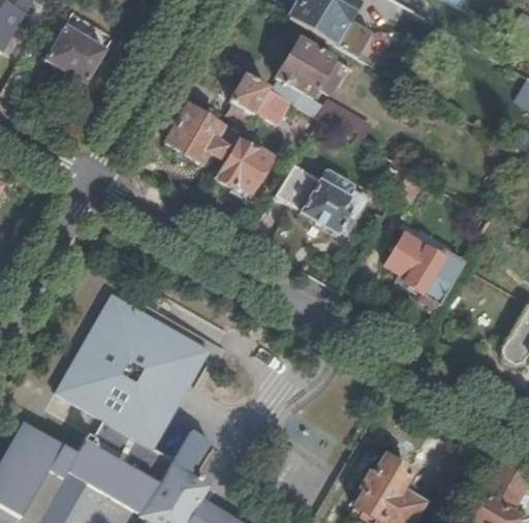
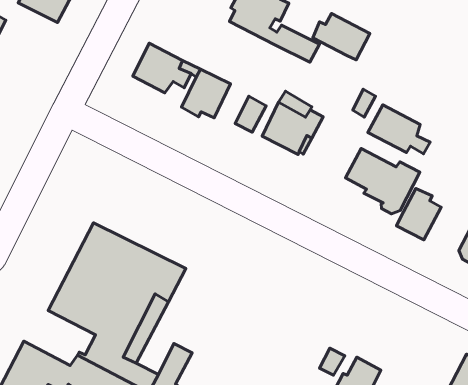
building: [227,75,268,116] -> none
building: none -> [313,13,370,60]
building: none -> [368,105,430,154]
building: none -> [397,188,441,240]

